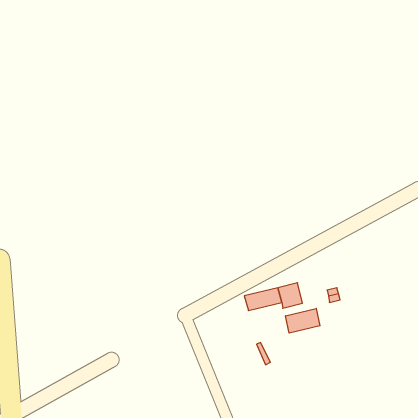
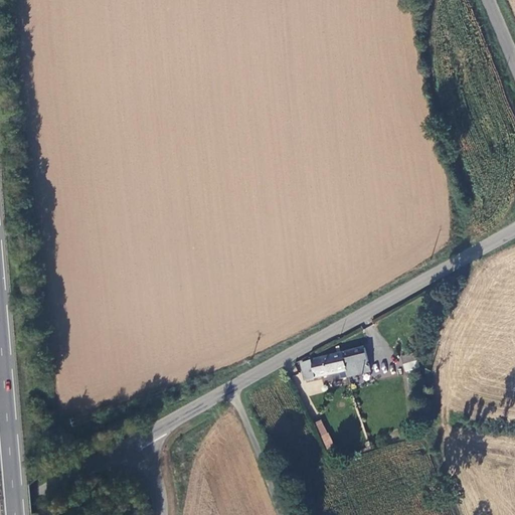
building: [286,308,320,333] -> none

